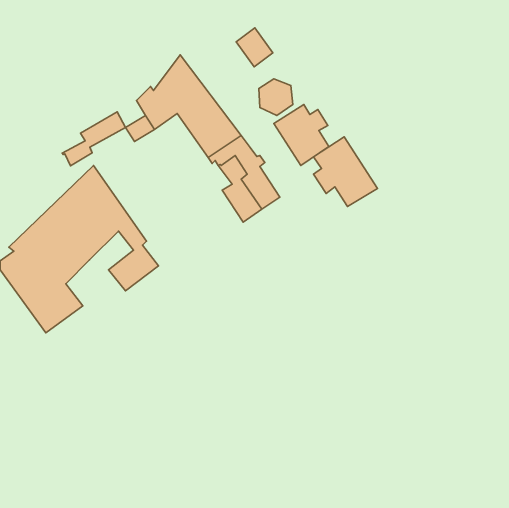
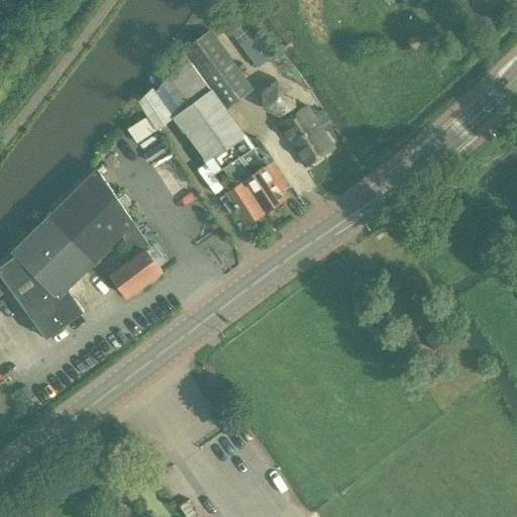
building: none -> [183,31,253,110]
building: [62,112,126,166] -> none
building: [313,137,377,206] -> none

